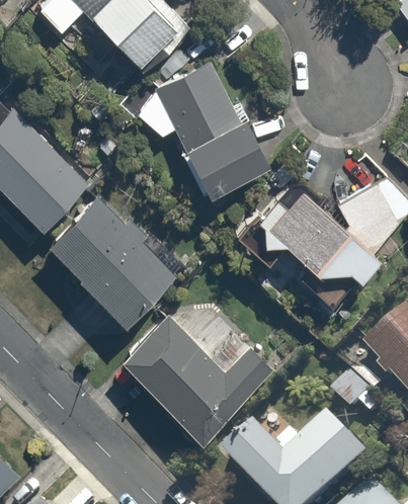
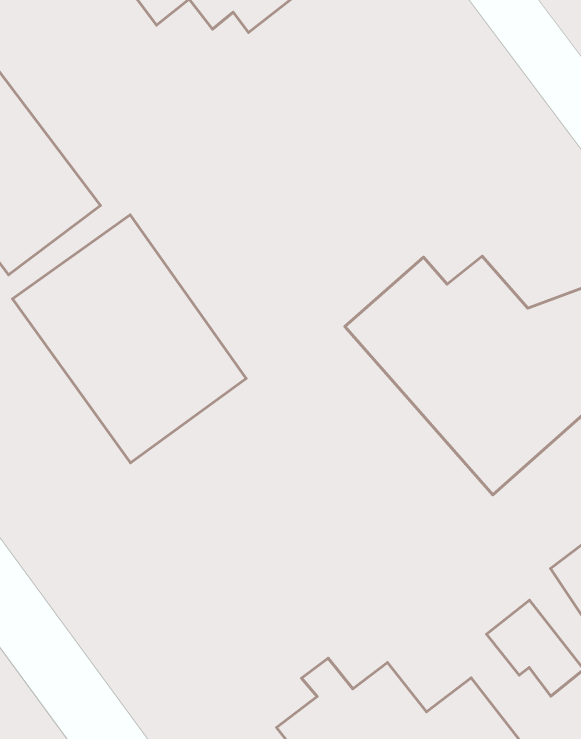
building: [134,65,262,190] -> none
building: [120,312,276,441] -> none

